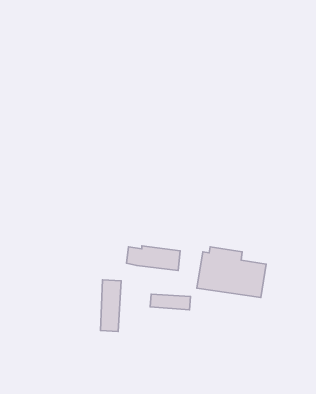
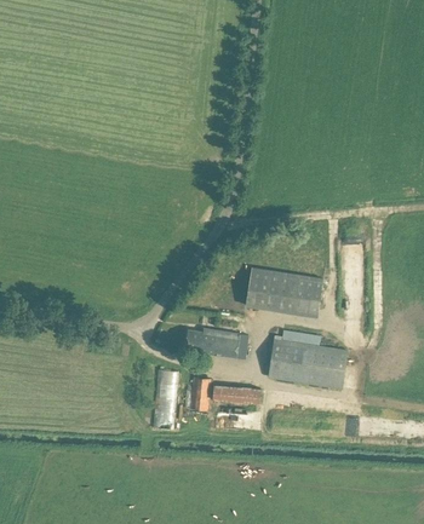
building: none -> [246,267,322,316]
building: none -> [188,376,210,410]

